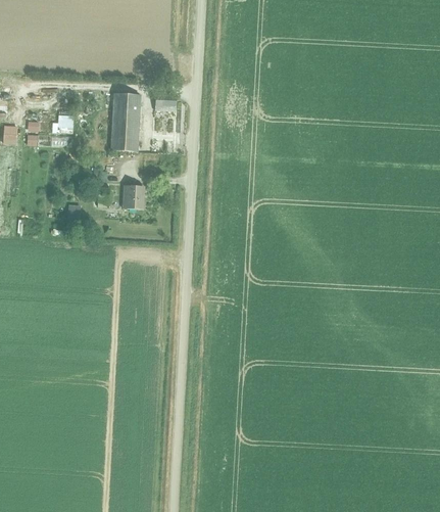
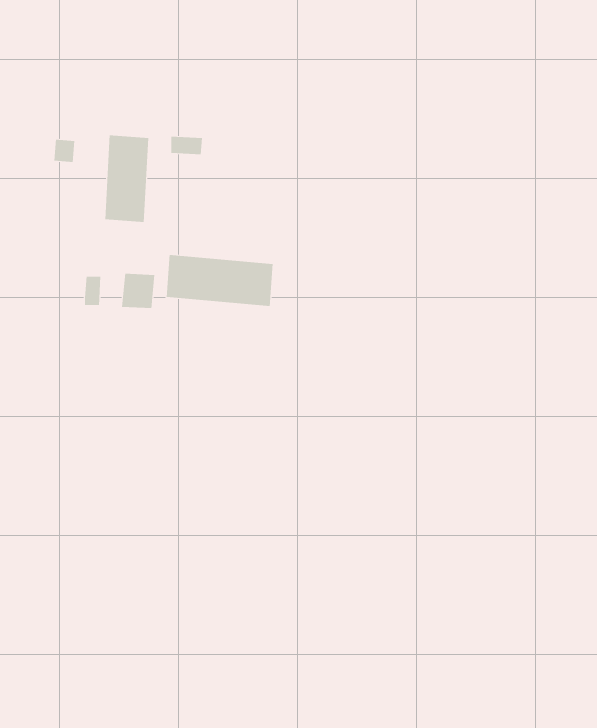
building: none -> [166,254,273,307]

